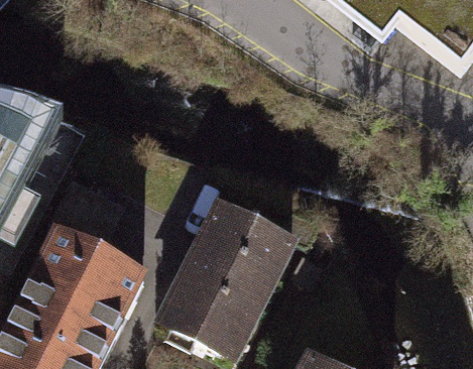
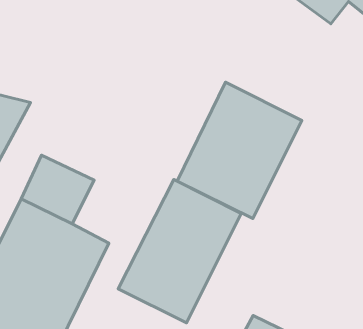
building: none -> [177,82,302,219]

